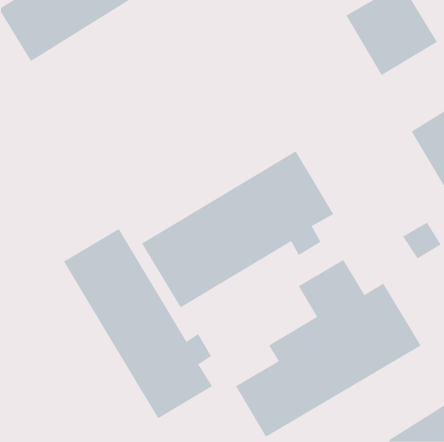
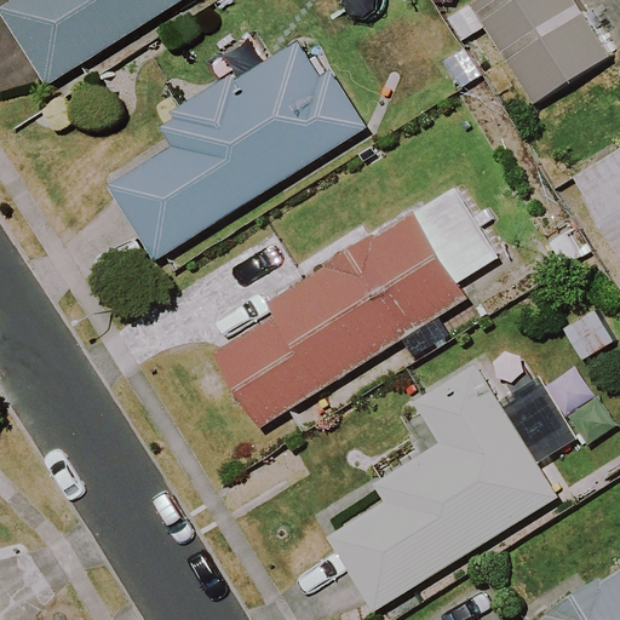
building: none -> [105,38,360,260]
building: [63,228,213,419] -> none

